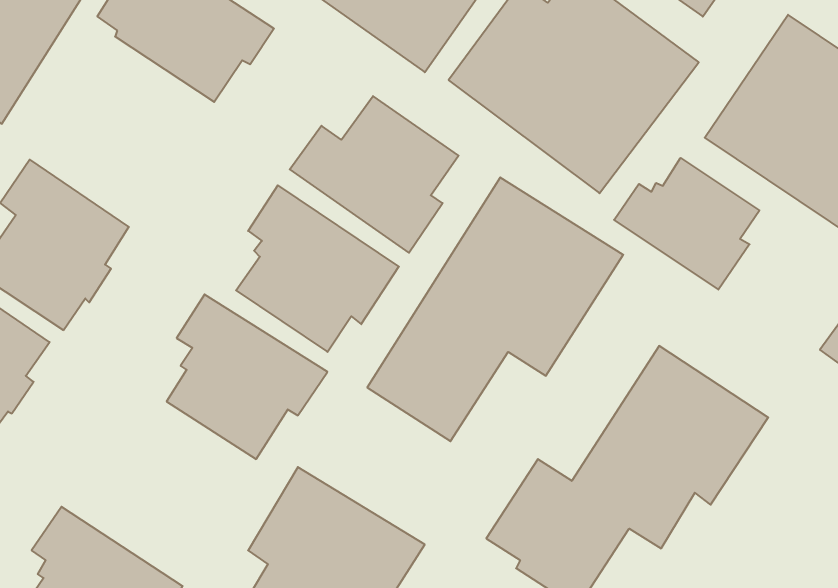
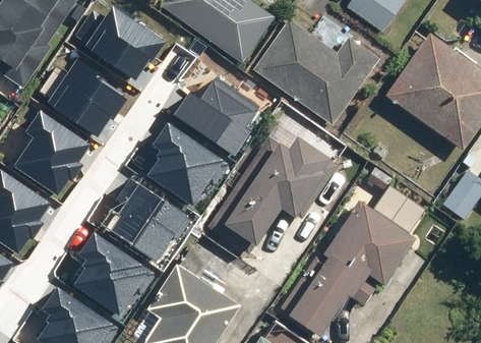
building: none -> [45,57,127,136]
building: [614,158,759,290] -> none
building: none -> [72,231,155,316]

